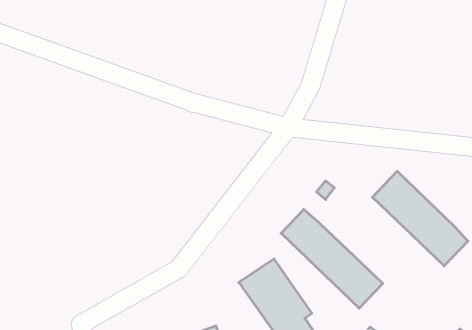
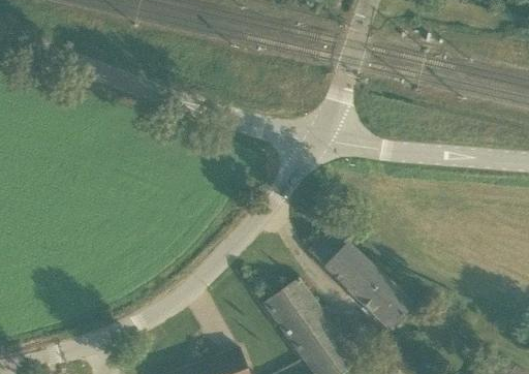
building: [372,171,468,266] -> none

